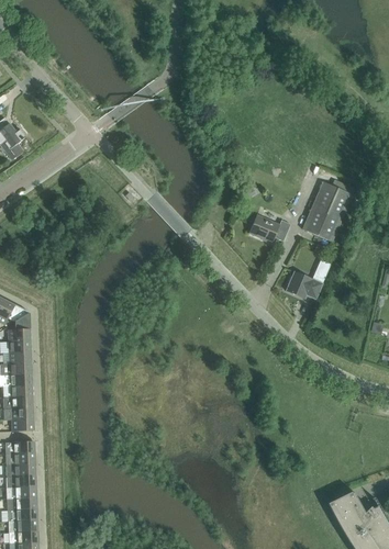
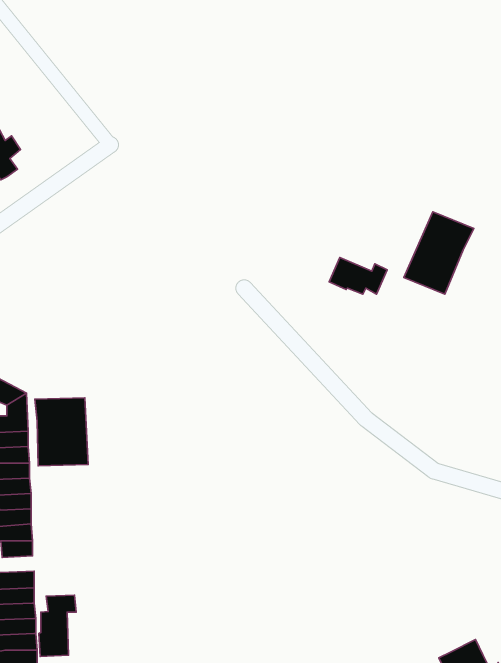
building: [286,259,331,298] -> none
building: none -> [35,398,88,466]
building: none -> [39,595,76,656]

